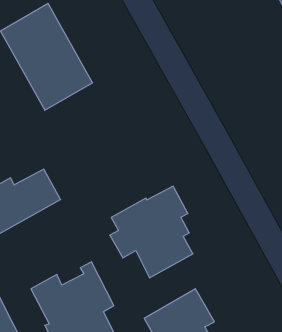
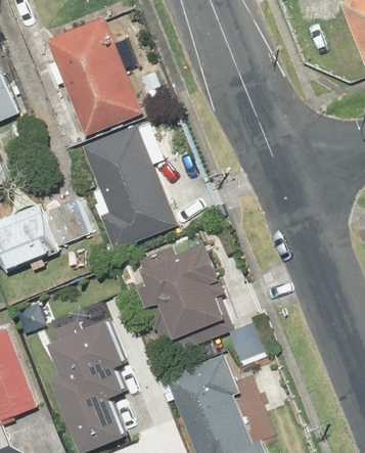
building: none -> [82,122,190,255]

